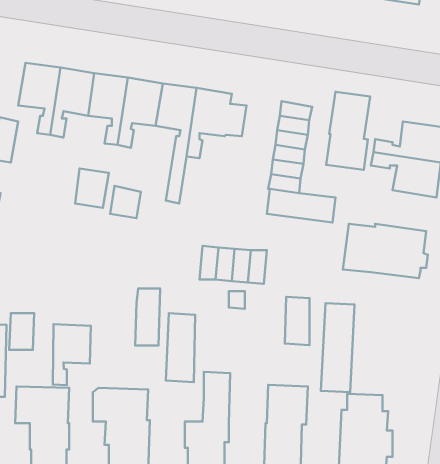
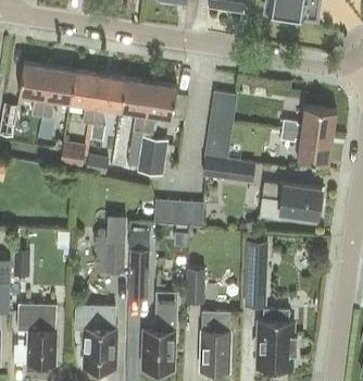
building: [326,92,370,170] -> none
building: none -> [138,137,175,176]
building: [285,297,310,345] -> [186,268,204,304]
building: [53,324,91,385] -> none

